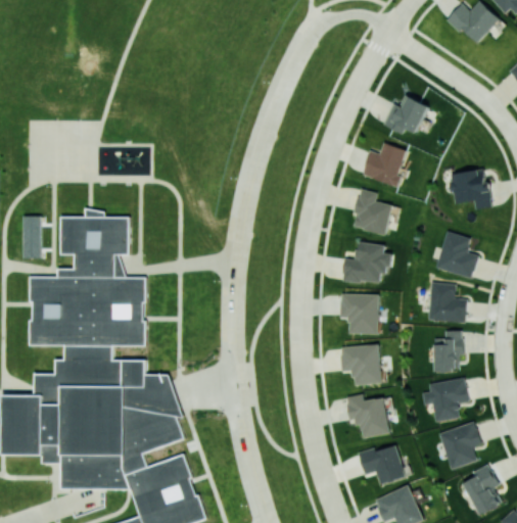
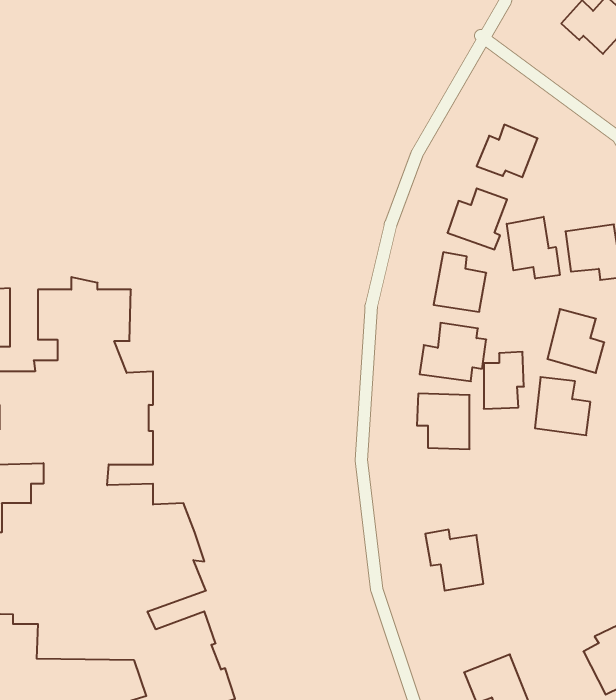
building: none -> [507,217,560,279]
building: [434,330,464,372] -> [484,352,524,409]
building: [341,344,381,385] -> none
building: [422,378,469,421] -> none
building: [438,422,482,469] -> none
building: [359,445,406,484] -> none

